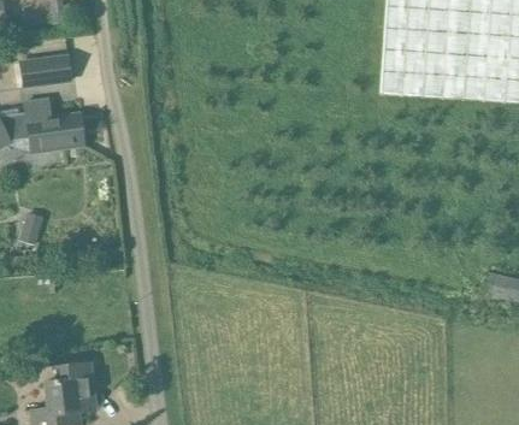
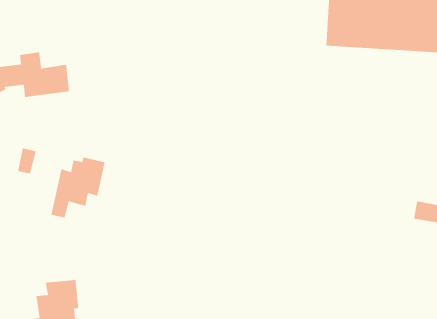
building: [20,55,71,87] -> none
building: none -> [51,157,106,218]

